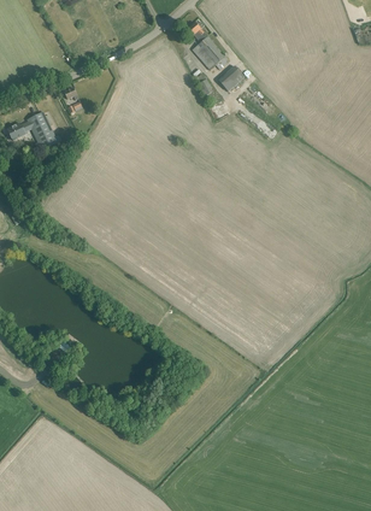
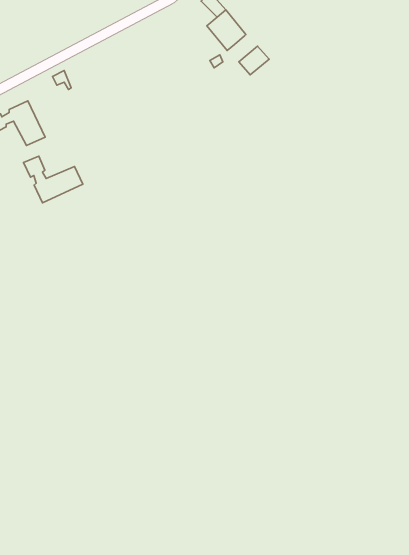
building: none -> [23,156,83,203]

